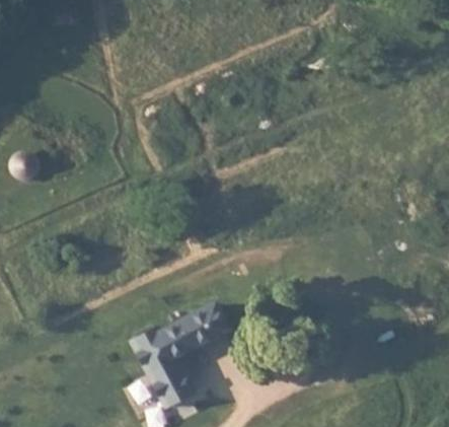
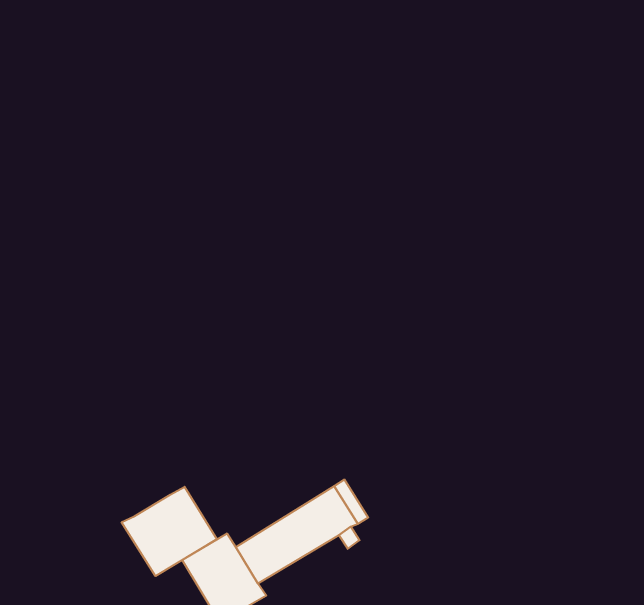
building: none -> [122,487,217,576]

